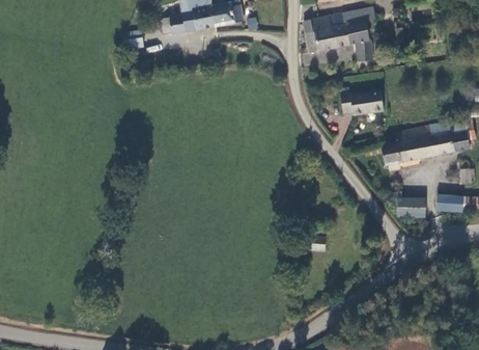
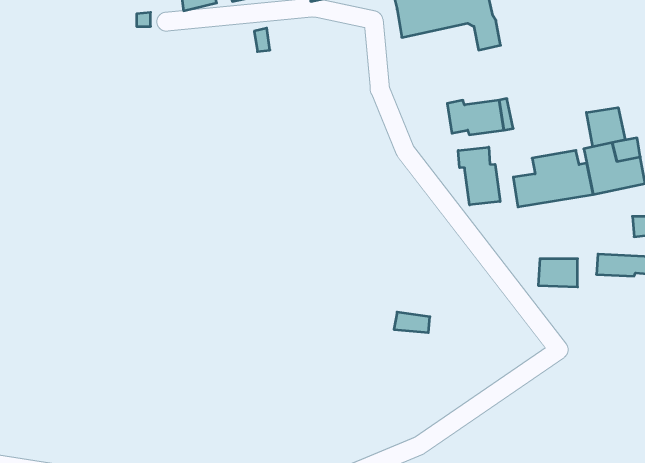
building: none -> [586,108,625,147]
building: none -> [458,147,500,205]

